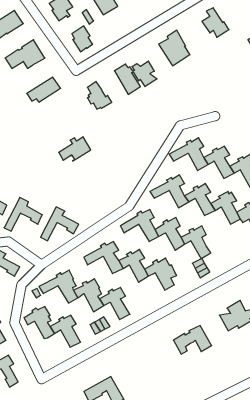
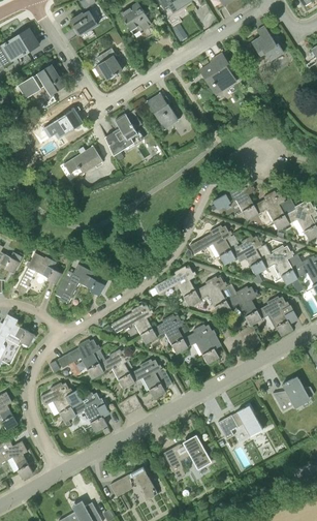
building: [132,61,157,87] -> none
building: [59,137,91,161] -> [63,145,101,174]
building: none -> [256,297,292,335]
building: none -> [162,437,210,479]

